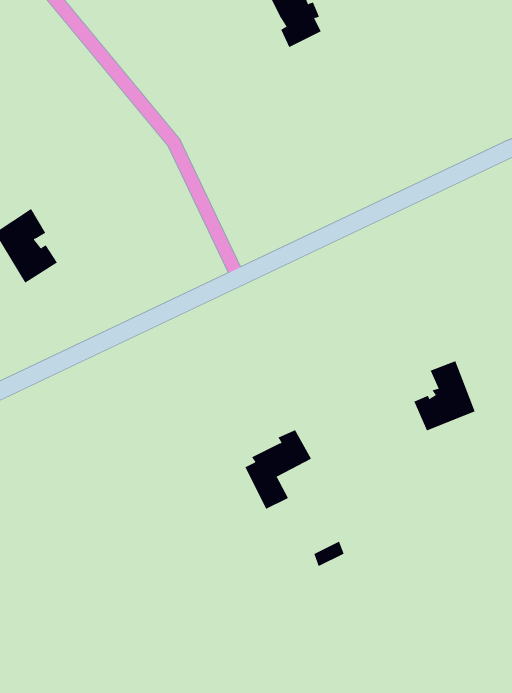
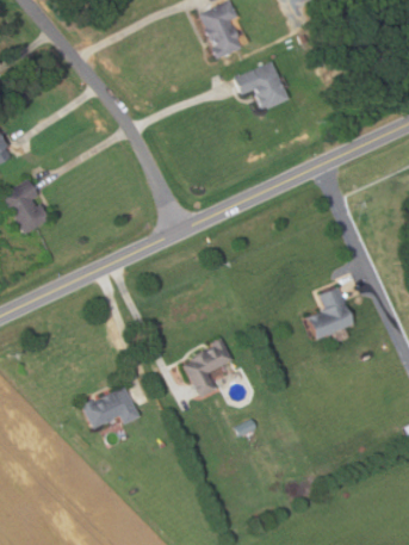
building: none -> [234,62,287,110]
building: none -> [83,386,141,428]

